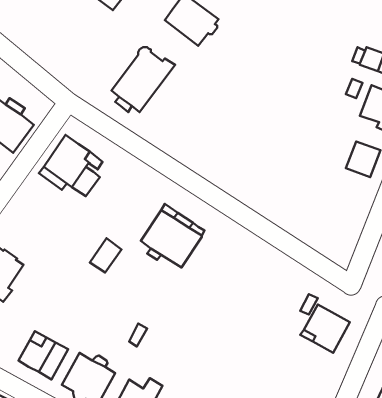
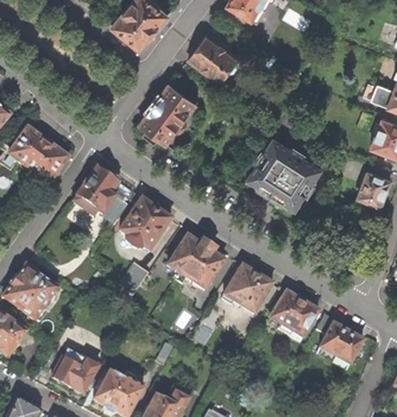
building: none -> [251,138,320,204]
building: none -> [119,197,171,249]
building: none -> [221,264,272,312]
building: none -> [270,290,317,336]

